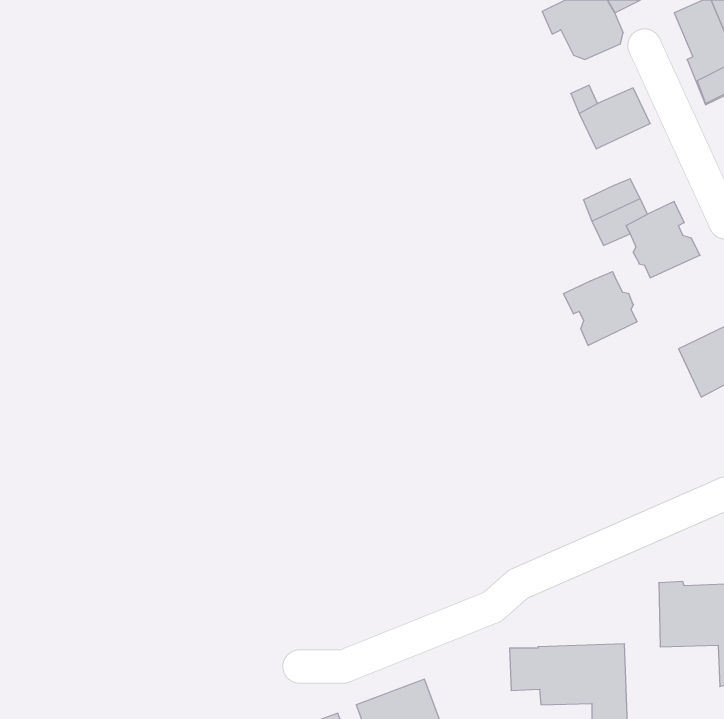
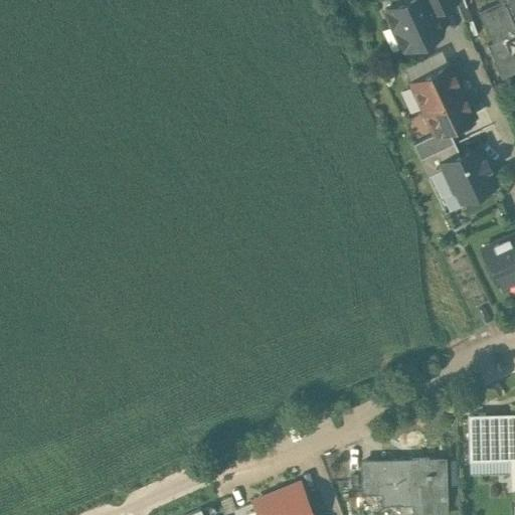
building: none -> [423,92,474,136]
building: [564,272,637,346] -> none

